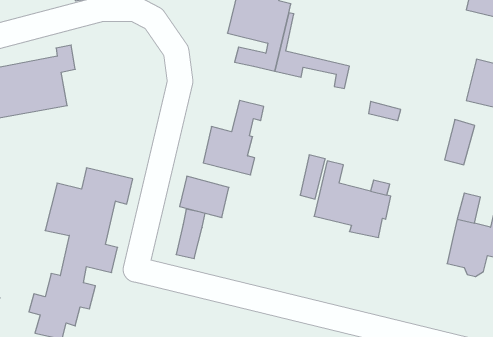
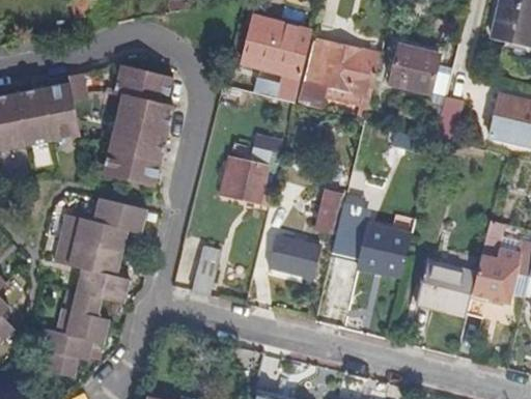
building: none -> [304,38,380,96]
building: none -> [389,45,438,91]
building: none -> [104,66,174,187]
building: [445,120,475,165] -> [434,95,465,142]
building: [180,176,229,218] -> [269,234,319,277]
building: none -> [419,260,476,315]

